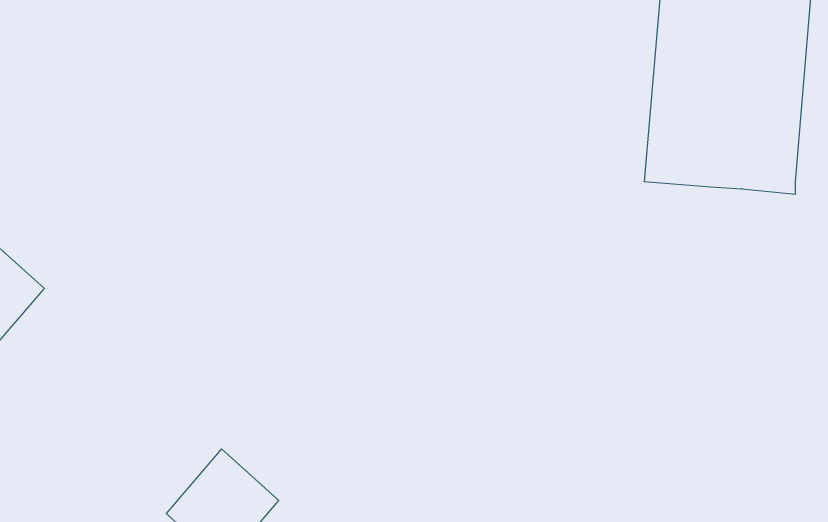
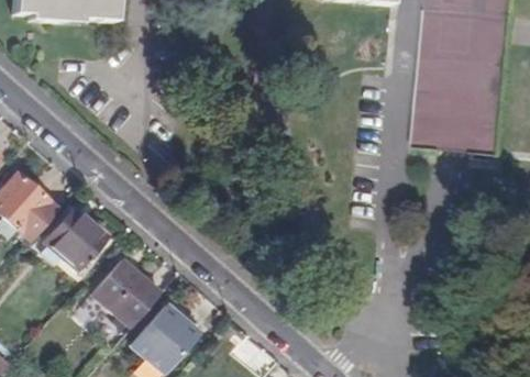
building: none -> [43,209,103,269]
building: none -> [90,259,159,329]

